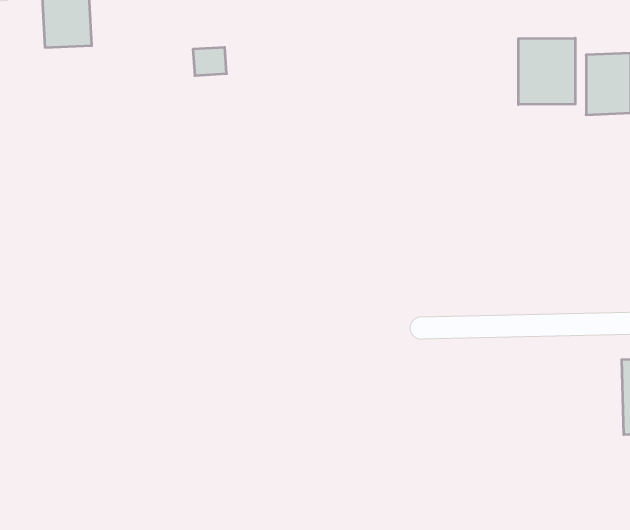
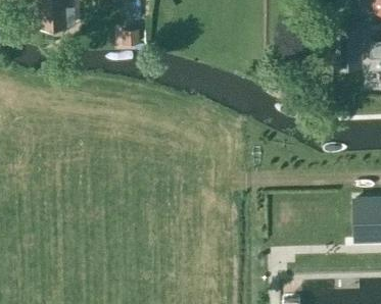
building: [518,38,575,105] -> none

